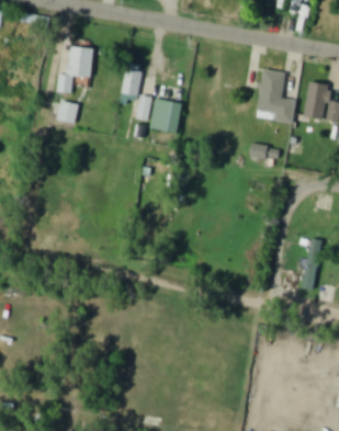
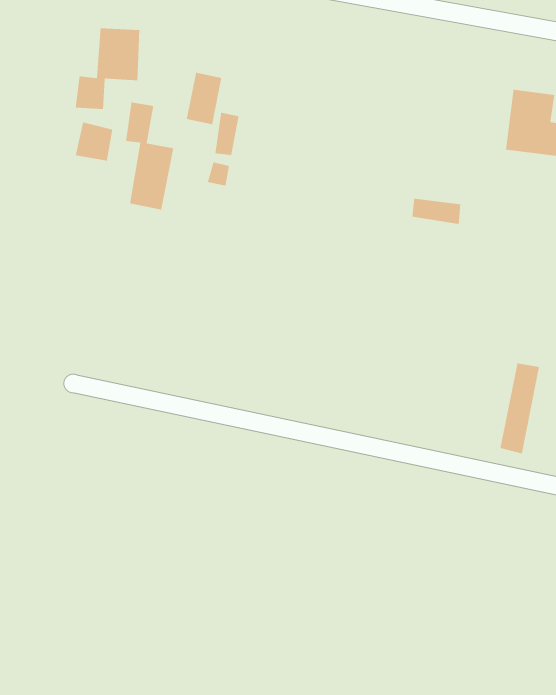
building: [256,69,295,123] -> none
building: none -> [125,101,174,211]
building: [148,98,181,131] -> none

